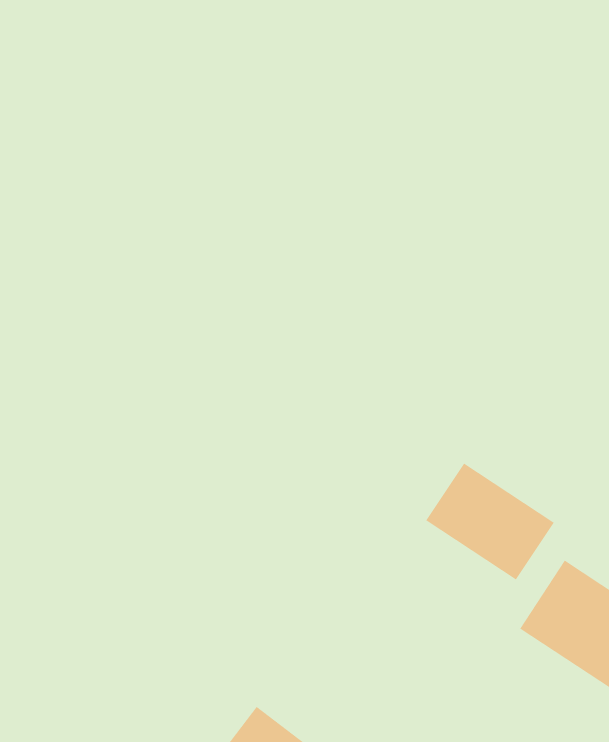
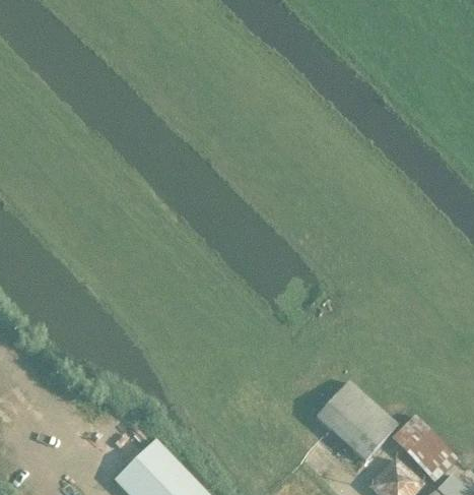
building: [425,462,555,580] -> none

